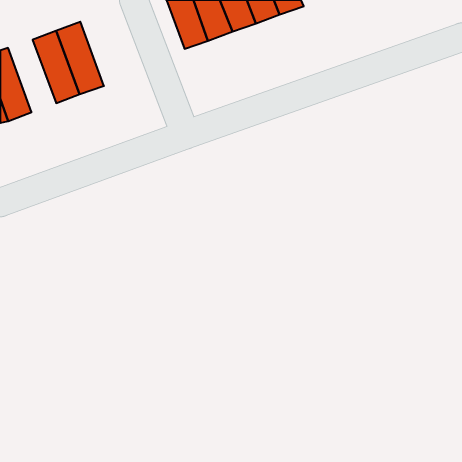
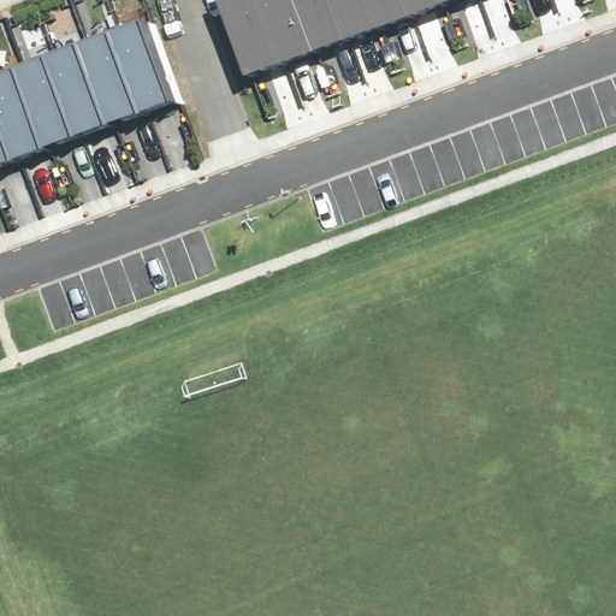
building: none -> [107,18,170,114]
building: none -> [11,53,75,149]

